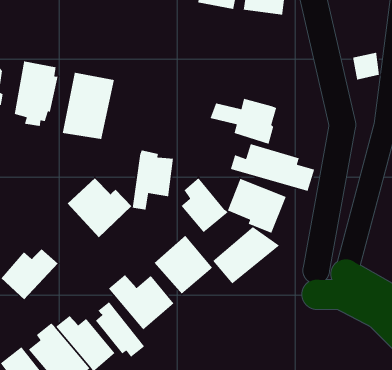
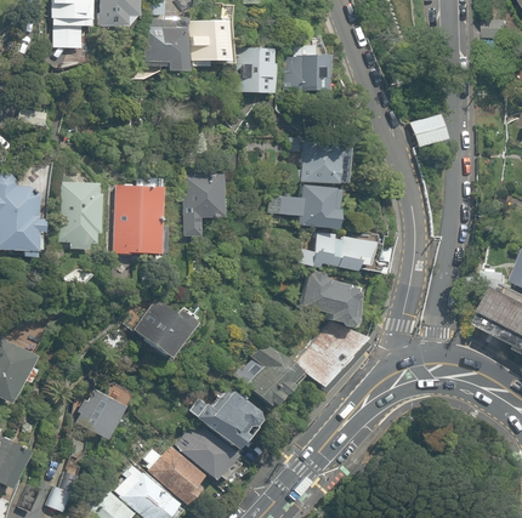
building: none -> [286,140,348,184]
building: [132,150,174,211] -> [181,170,220,234]
building: [181,177,228,233] -> none

